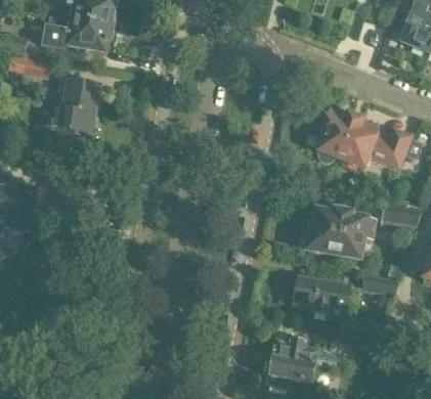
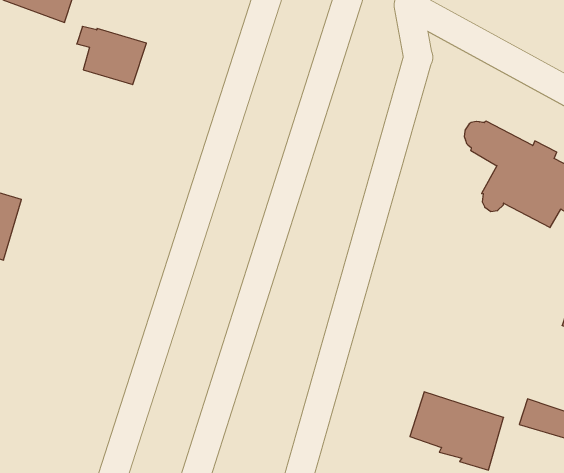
building: [50,106,94,138] -> none
building: [308,212,375,259] -> none

